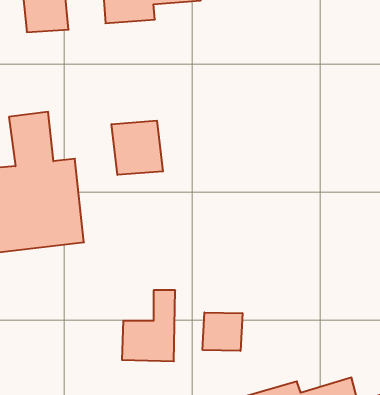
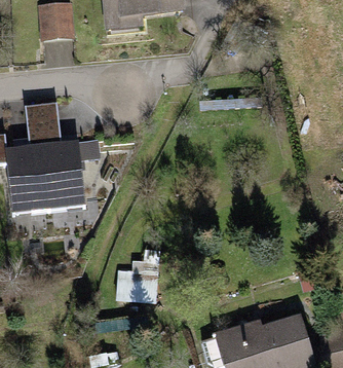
building: [112,121,163,175] -> none
building: [203,312,242,351] -> none

